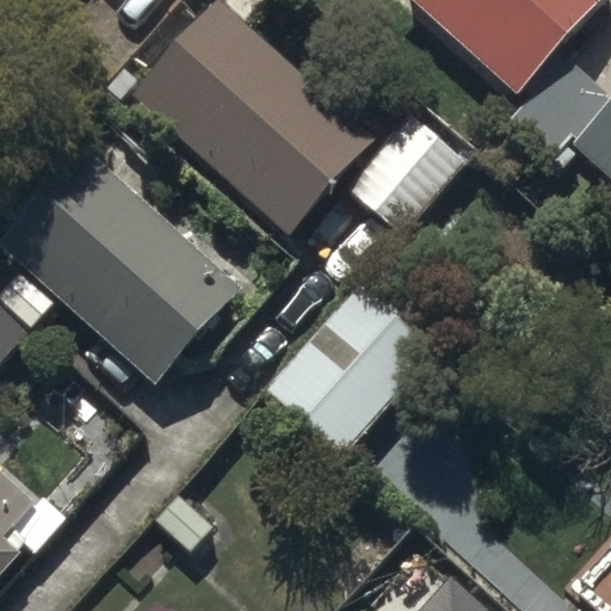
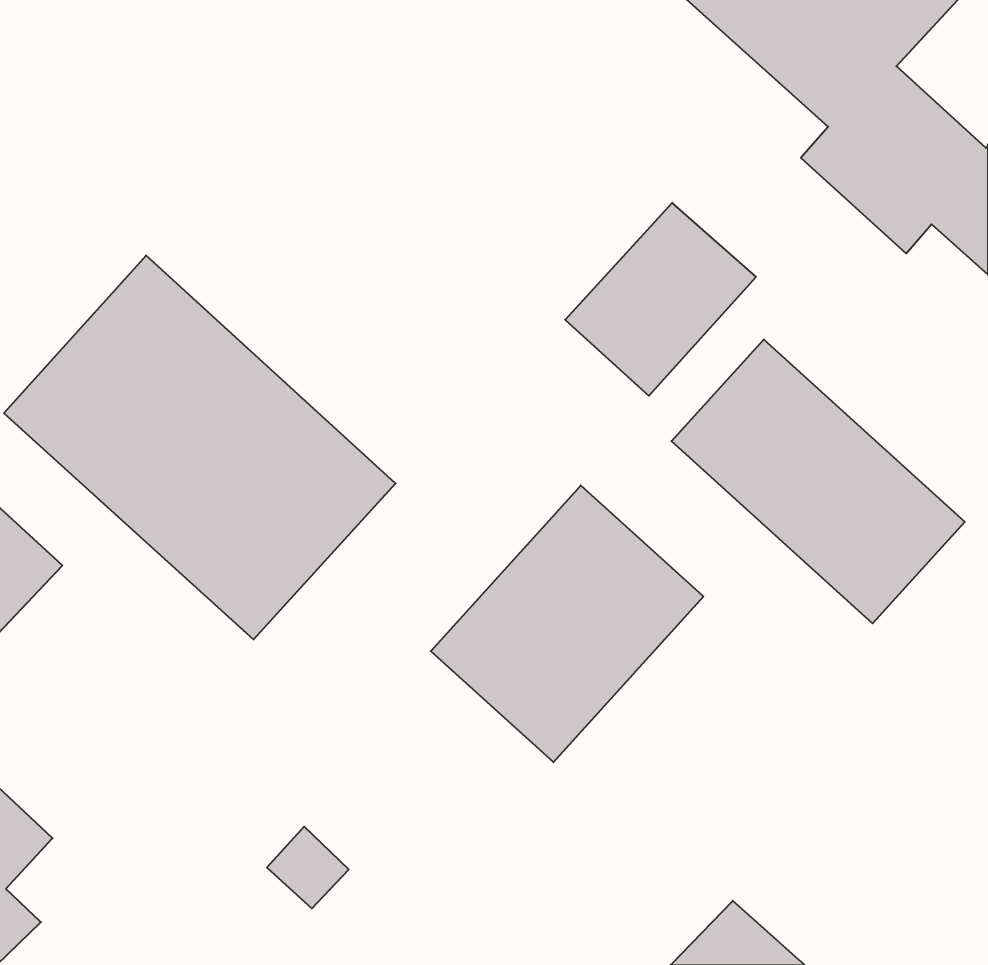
building: [135,8,372,240] -> none
building: none -> [671,339,965,623]

